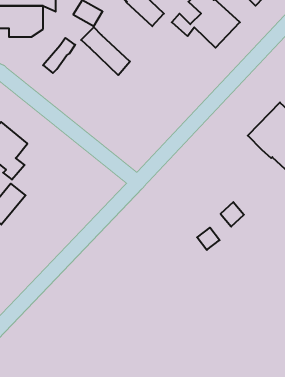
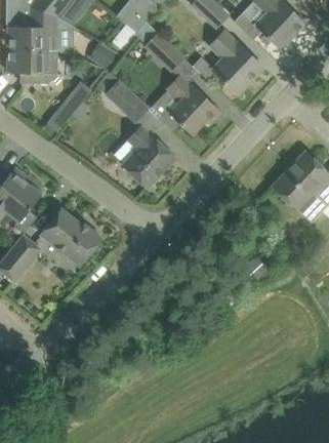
building: none -> [157,75,220,135]
building: none -> [114,124,175,188]
building: none -> [40,208,101,265]

